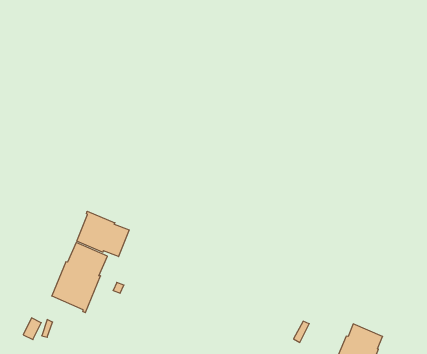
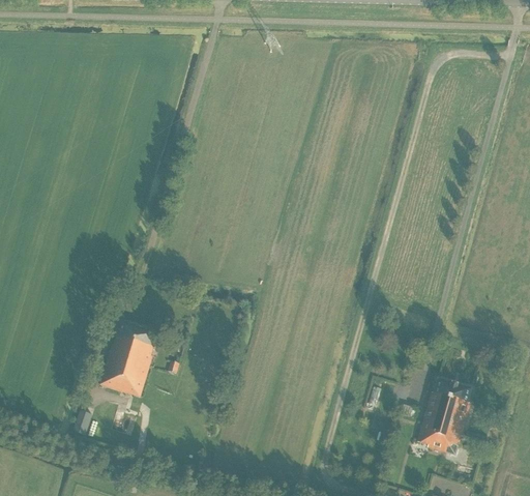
building: [77,211,129,257] -> none

